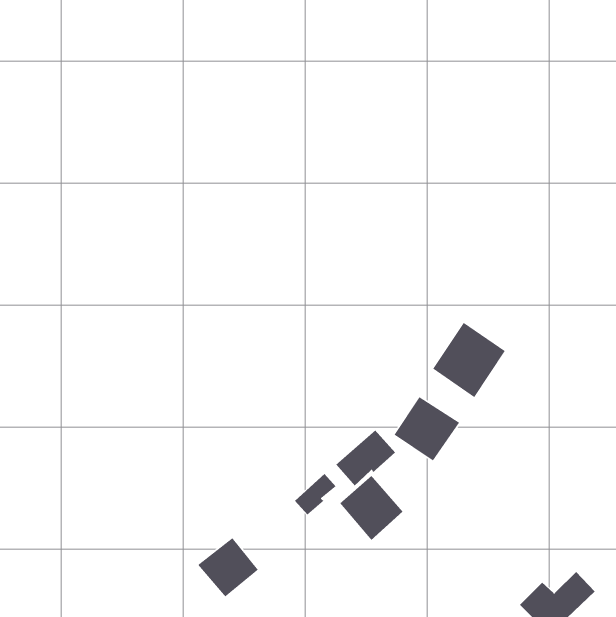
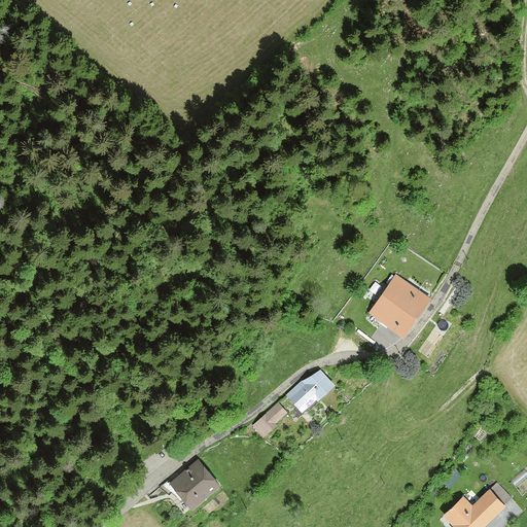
building: [393,396,460,462] -> none
building: [339,475,403,541] -> none

